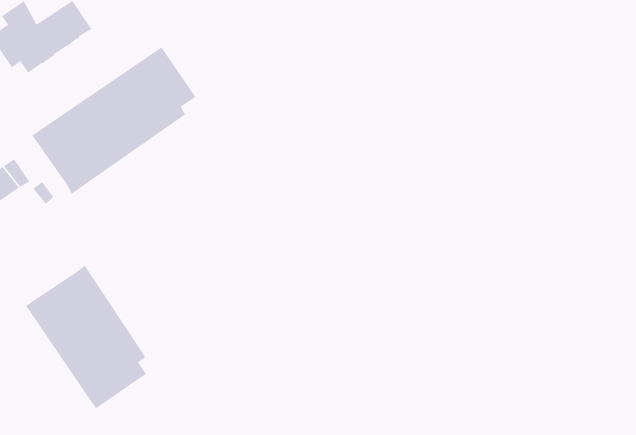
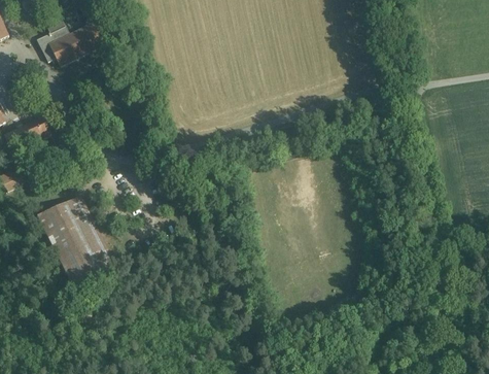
building: [32,46,196,194] -> none

